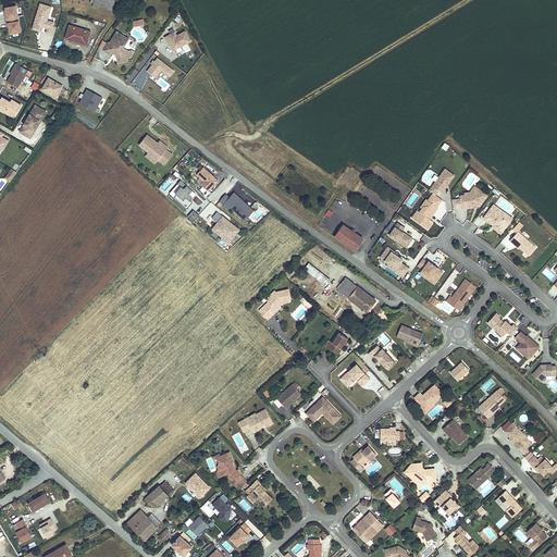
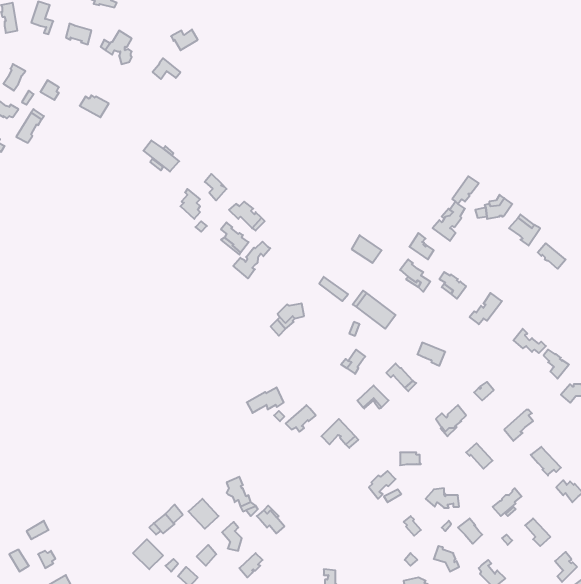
building: none -> [233,242,270,278]
building: [236,408,271,432] -> [247,387,284,413]
building: [352,511,382,542] -> none

